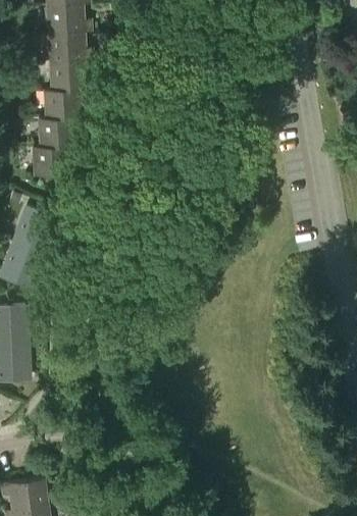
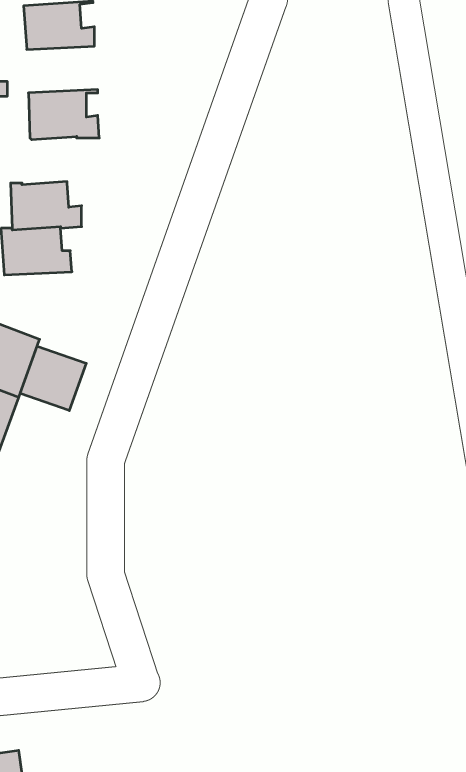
building: [48,31,93,60] -> none
building: [43,88,89,118] -> none
building: none -> [20,346,86,411]

